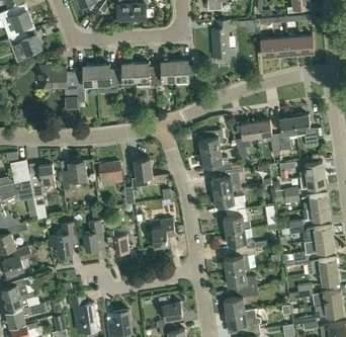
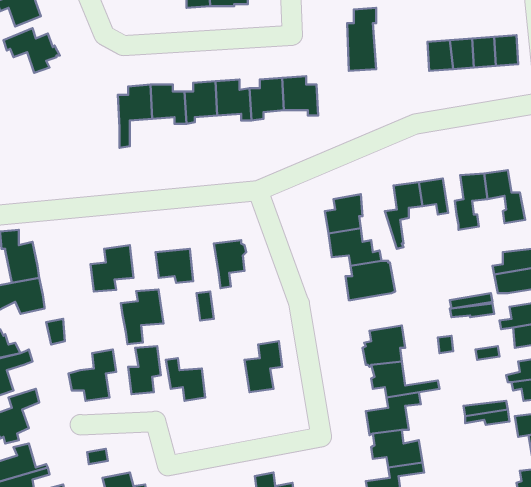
building: [37,65,78,103] -> none
building: [29,165,55,197] -> [121,289,164,344]
building: [214,190,245,212] -> none

